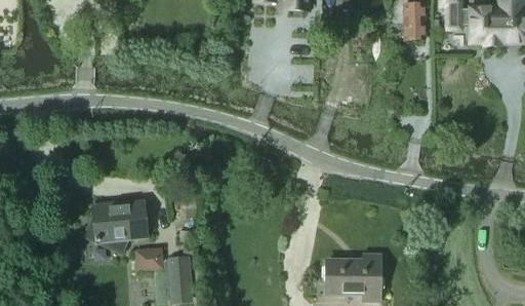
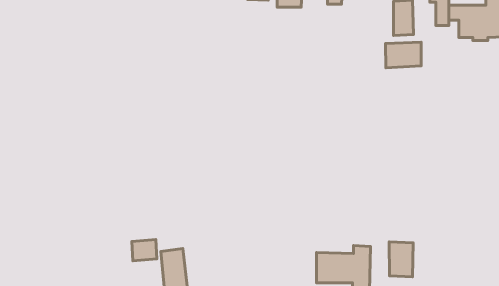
building: none -> [386,42,421,68]
building: [81,201,147,255] -> none
building: none -> [389,242,413,277]

